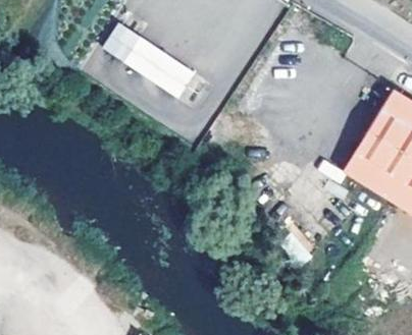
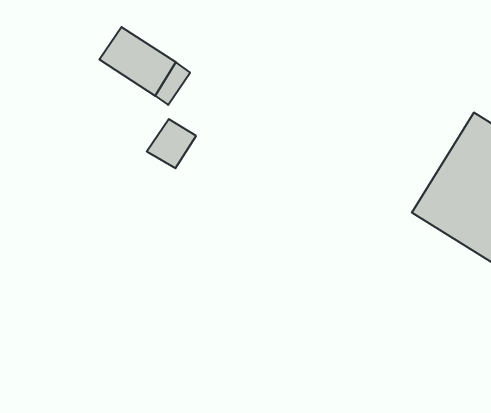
building: [154,62,193,101] -> [147,119,196,168]

